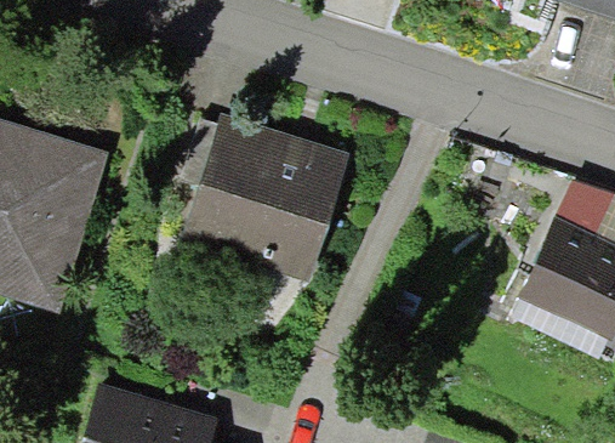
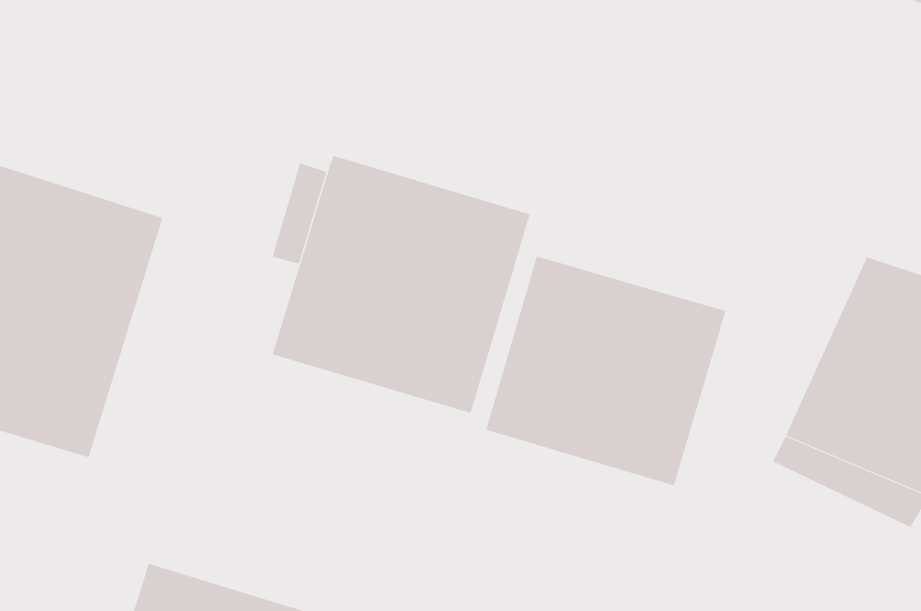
building: none -> [485,256,726,486]

